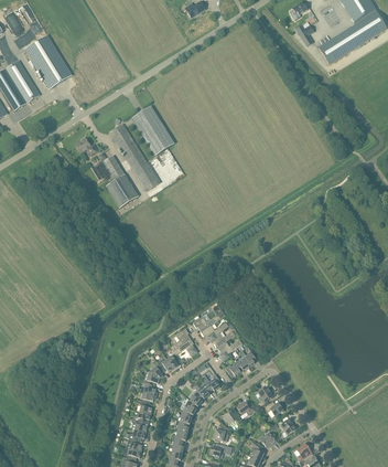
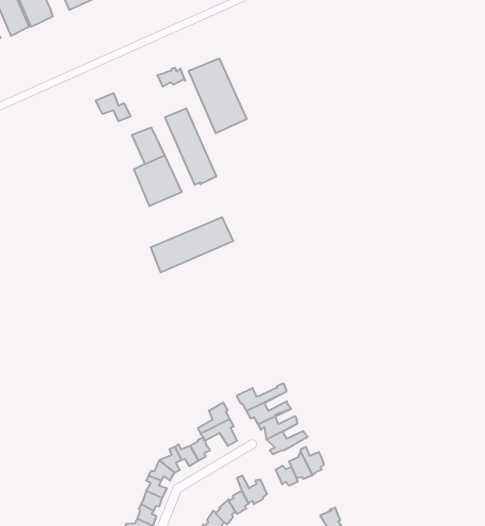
building: none -> [151,217,233,273]

